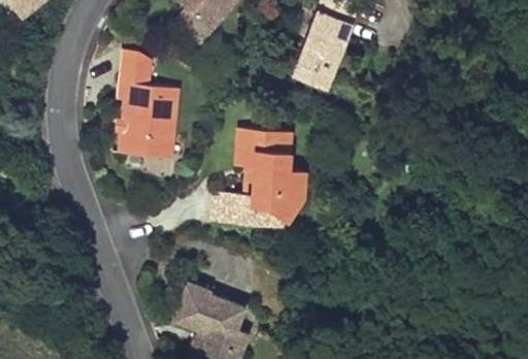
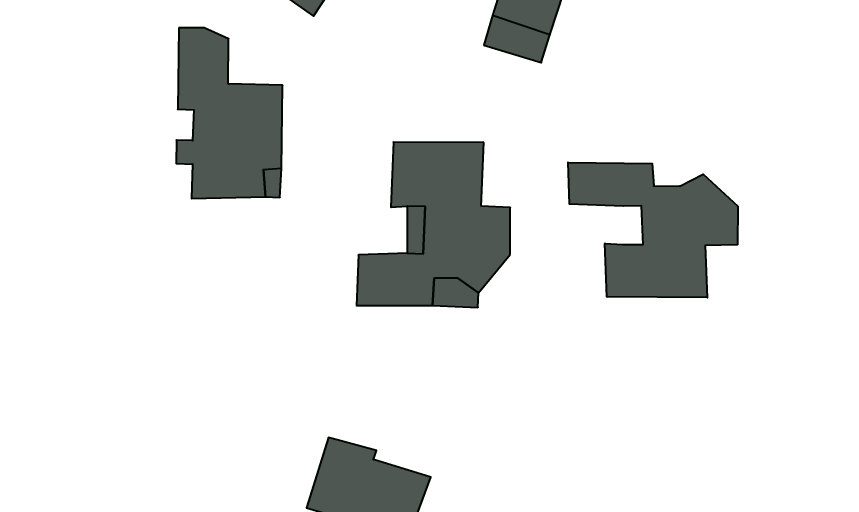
building: none -> [568,162,738,298]

